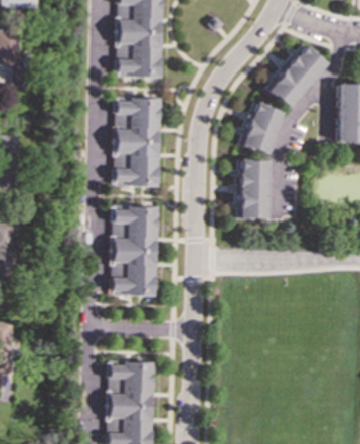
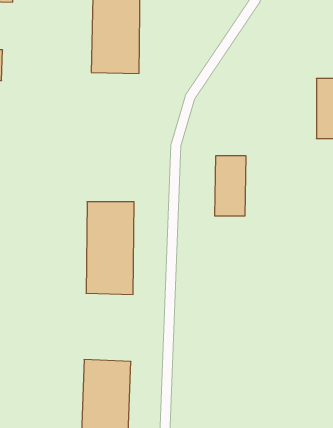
building: [264,43,328,110] -> none
building: [112,96,160,187] -> none
building: [237,101,283,155] -> none

